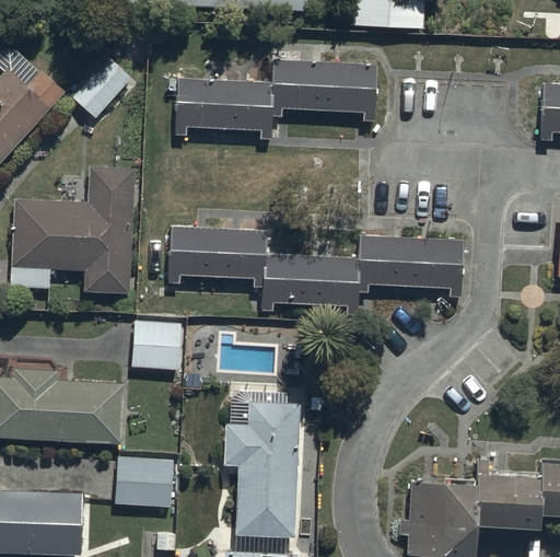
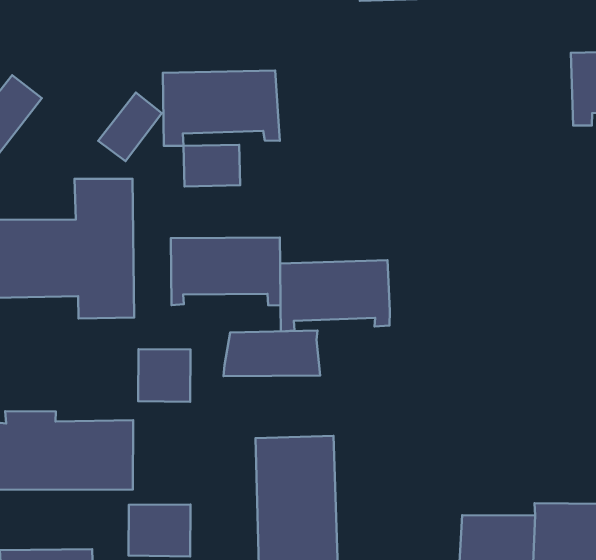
building: [71,56,129,116] -> [98,92,162,161]
building: [271,57,374,123] -> none
building: none -> [184,145,240,186]
building: [359,235,463,302] -> none
building: none -> [224,331,320,376]

